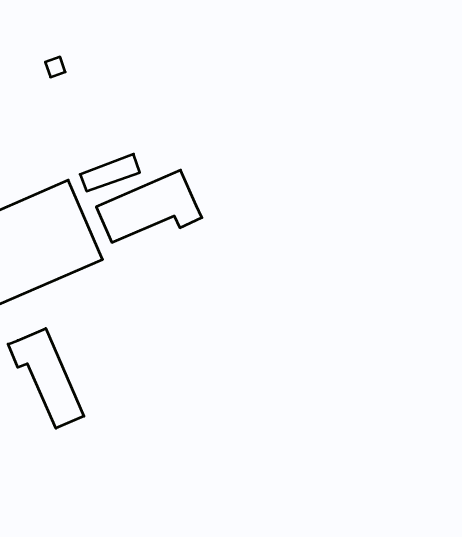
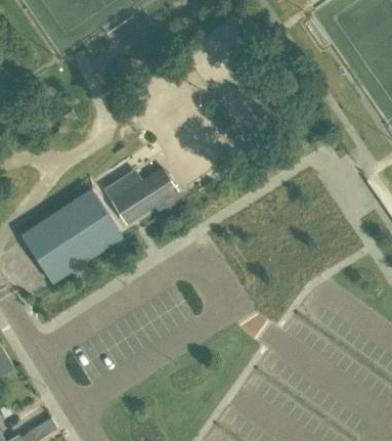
building: [8,328,84,428] -> none

